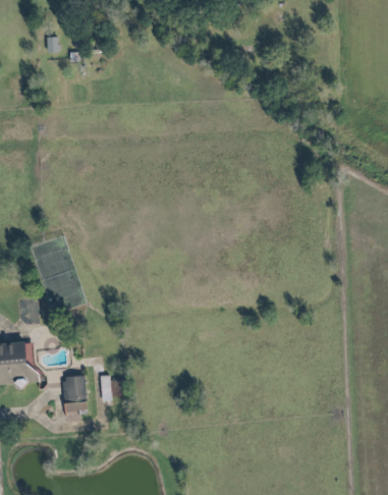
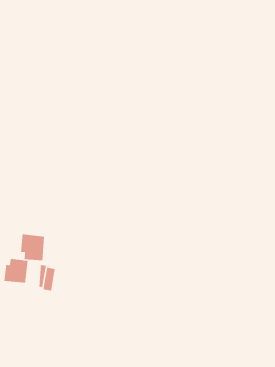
building: none -> [20,234,45,261]

